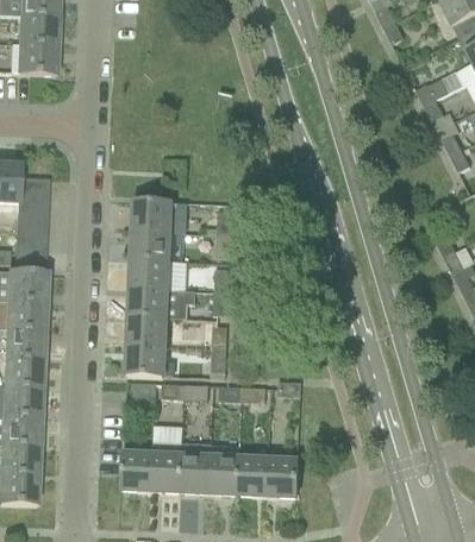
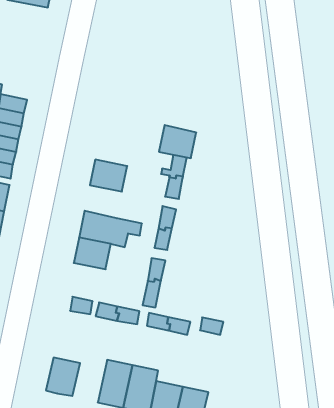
building: [133,200,170,231] -> [159,125,196,158]
building: [131,258,168,289] -> none
building: [127,345,164,376] -> none
building: [151,442,182,491] -> none

